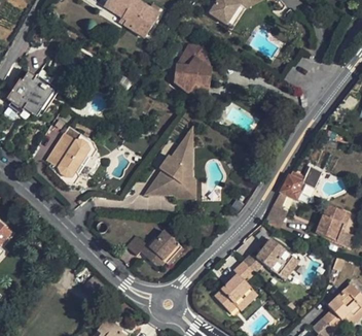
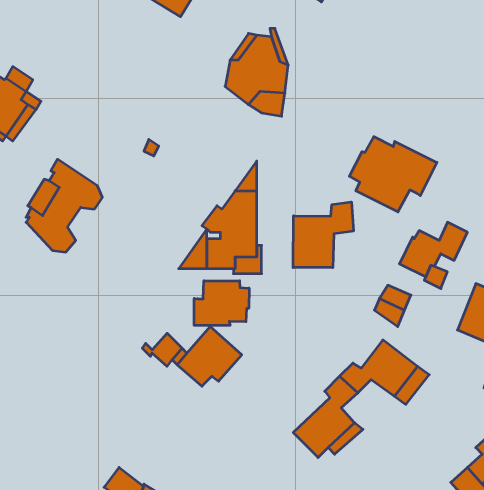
building: none -> [349,137,437,212]
building: none -> [293,202,353,268]
building: none -> [194,281,249,325]

